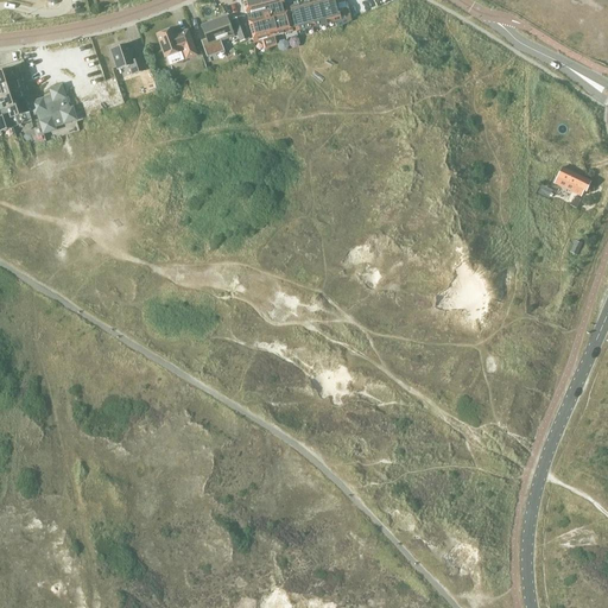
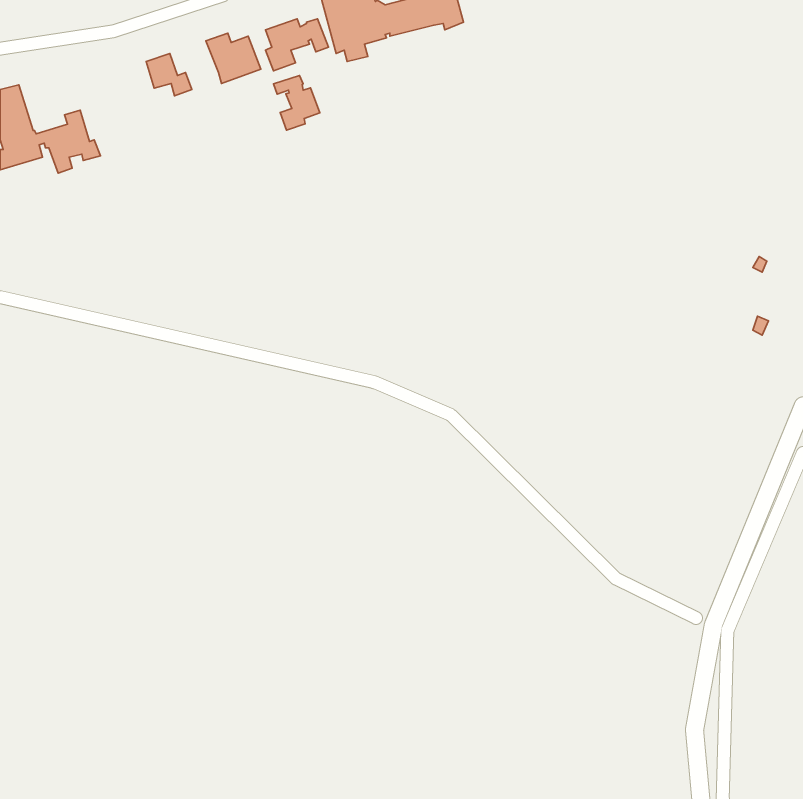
building: none -> [274,75,320,130]
building: [553,165,590,192] -> none

